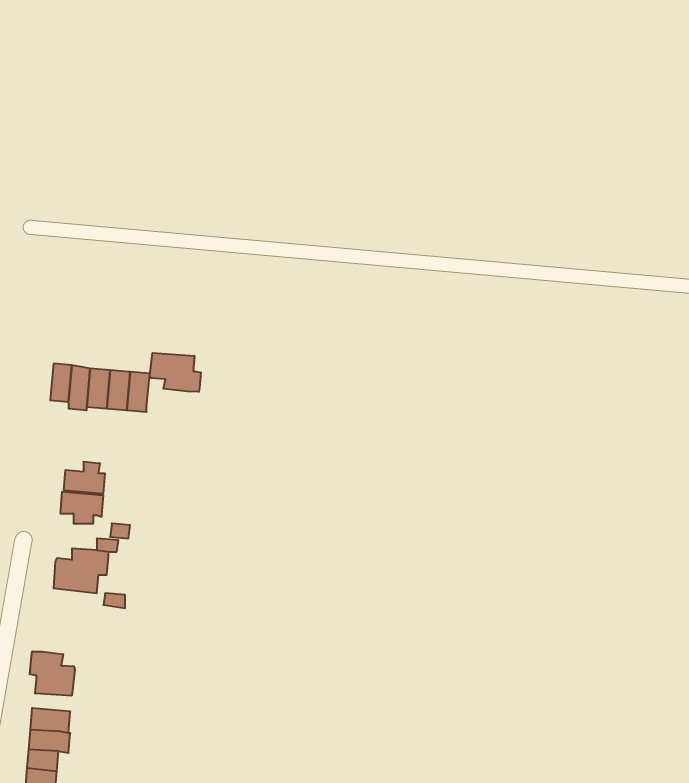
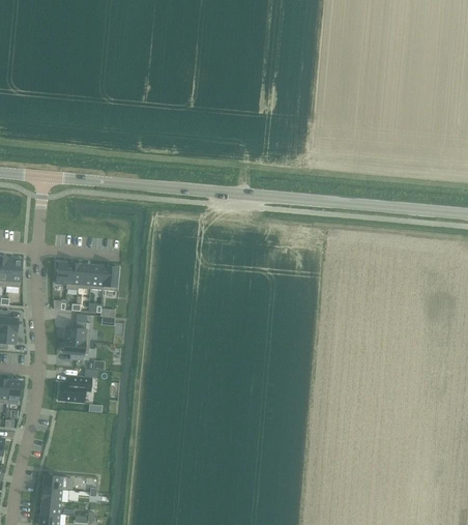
building: [150,353,201,392] -> none
building: [30,651,75,696] -> none

